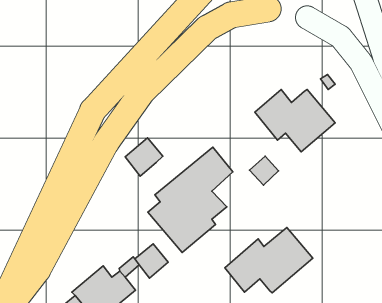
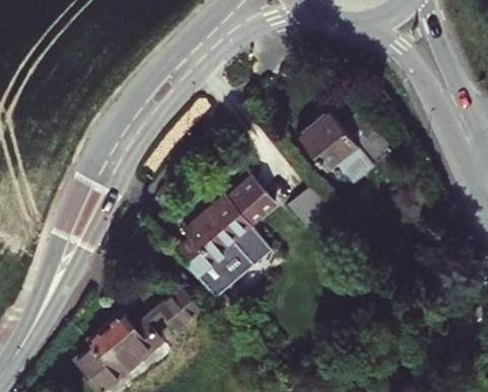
building: [125,138,163,176] -> none
building: [225,227,313,293] -> none

